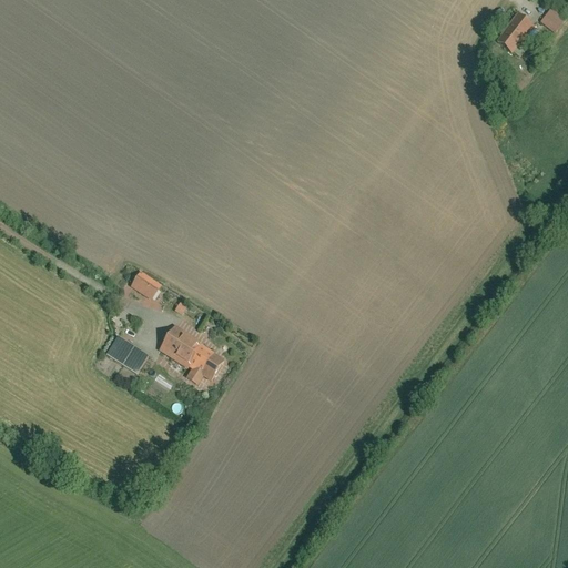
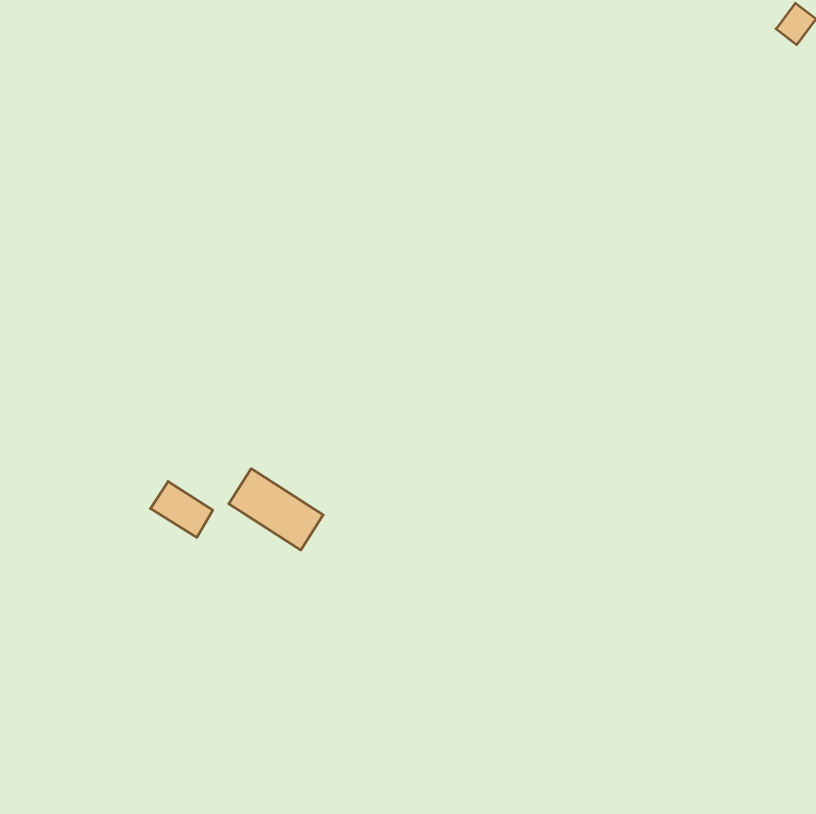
building: [495,10,535,52] -> none
building: [130,268,162,300] -> none

